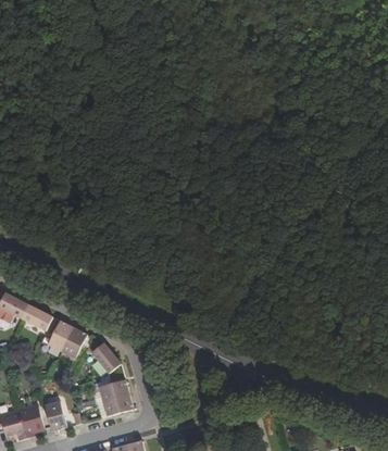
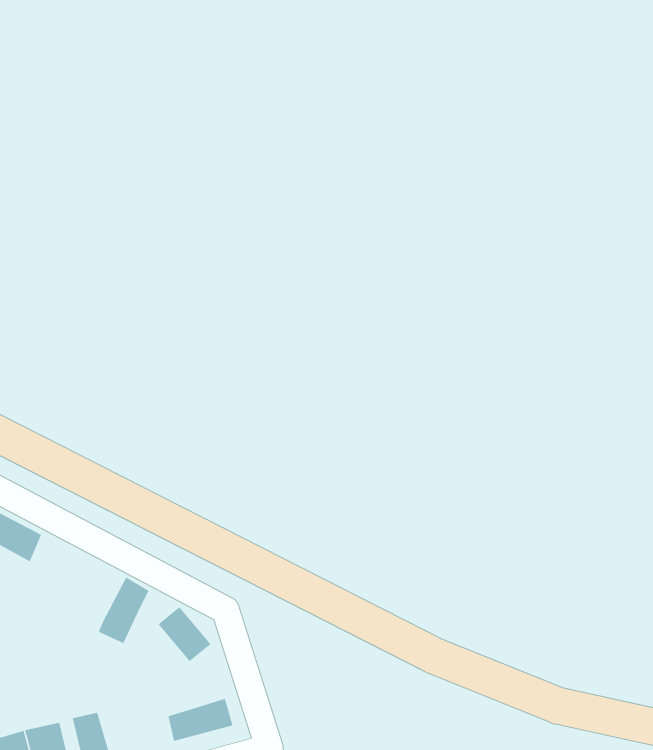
building: [22,303,52,330] -> none
building: [48,320,74,351] -> none
building: [92,379,128,402] -> none

